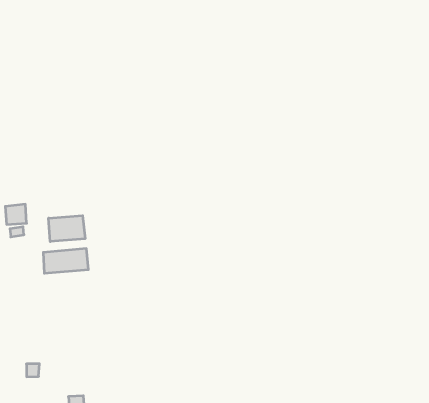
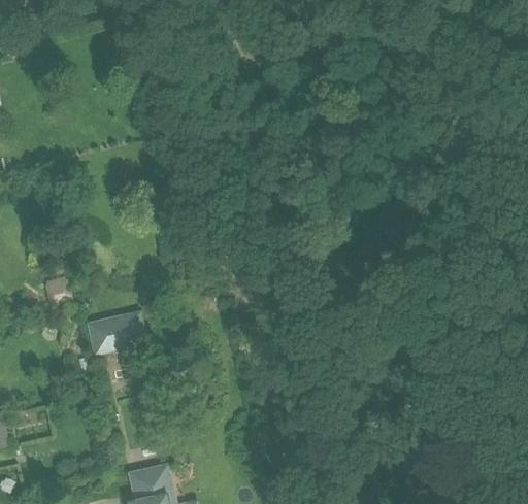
building: [49,216,85,242] -> none

